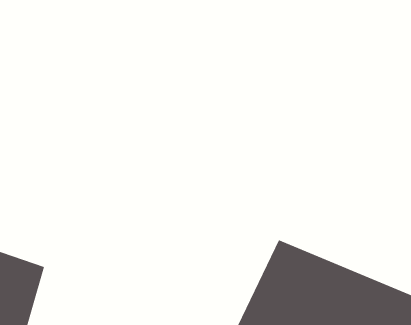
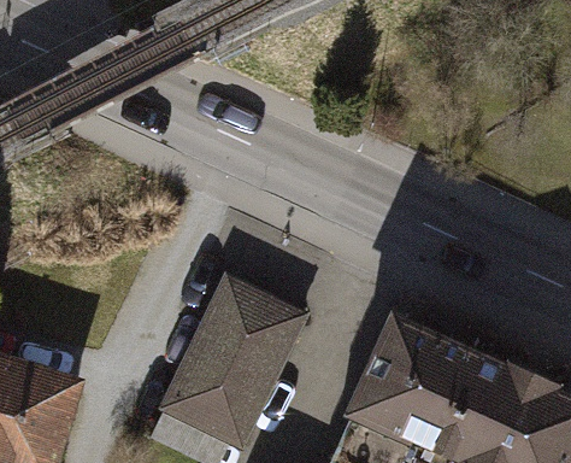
building: none -> [165,280,302,443]

